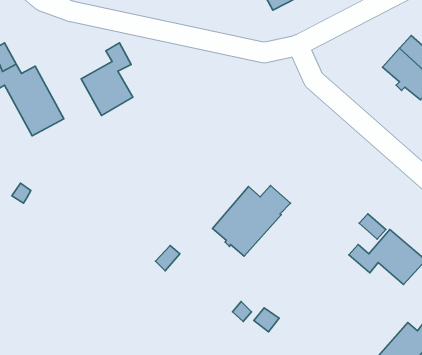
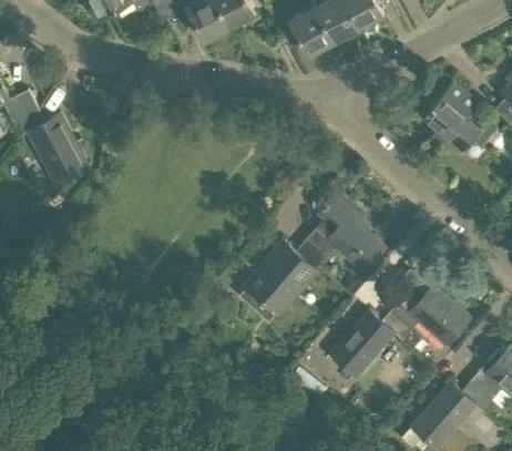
building: [81,43,133,115] -> none
building: none -> [307,194,386,271]
building: none -> [330,310,411,377]

